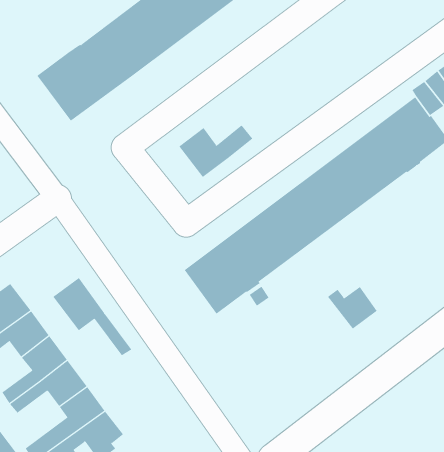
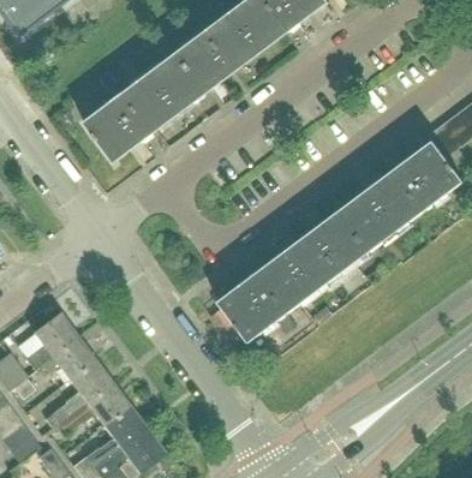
building: [178,125,253,178] -> none
building: [53,277,132,356] -> none
building: [327,286,378,330] -> none

